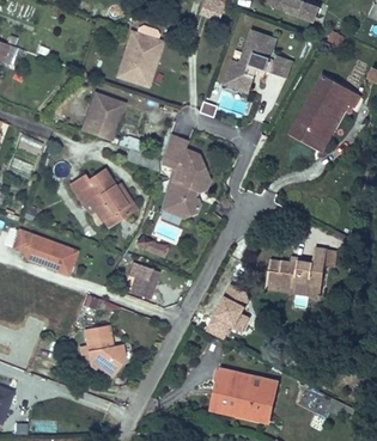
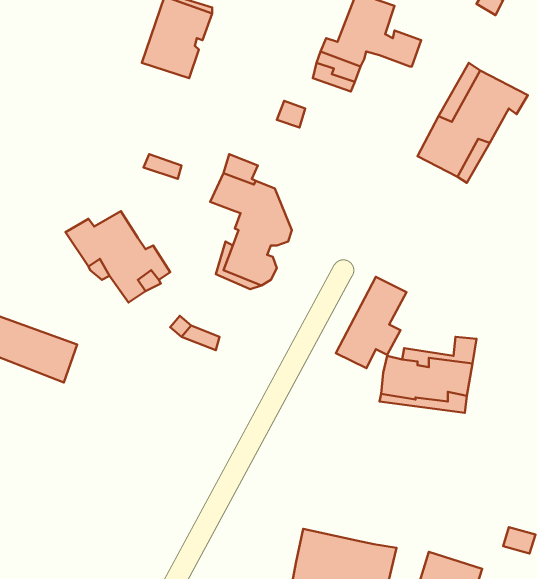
building: [81,93,124,140] -> none
building: [128,261,158,298] -> none
building: [206,282,250,339] -> [336,277,406,368]
building: [79,325,124,375] -> none

